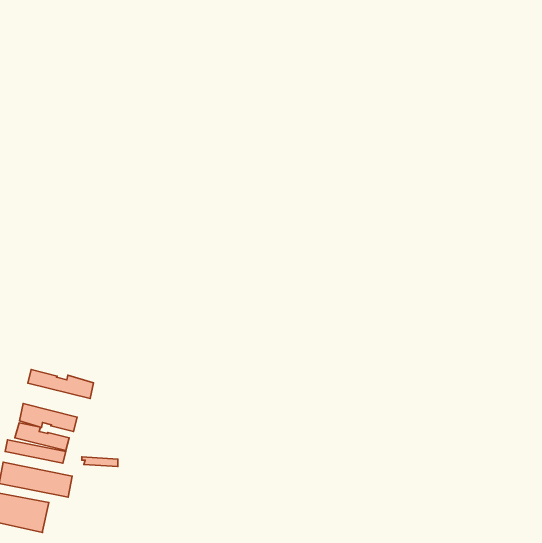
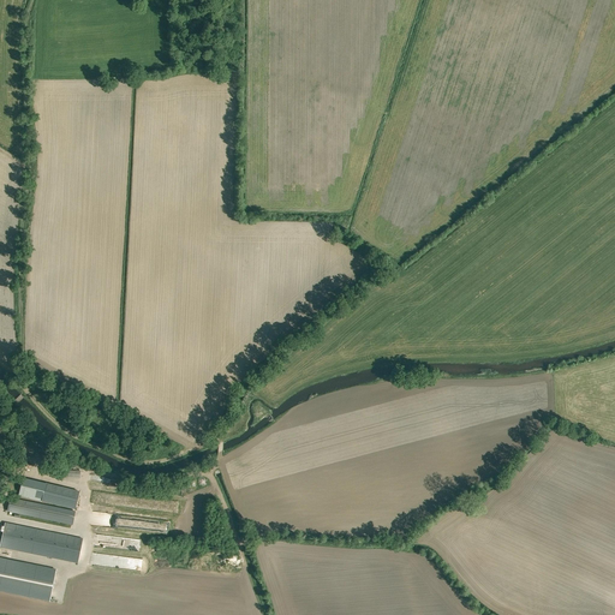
building: [28,370,93,399] -> none
building: [19,404,77,432] -> none

